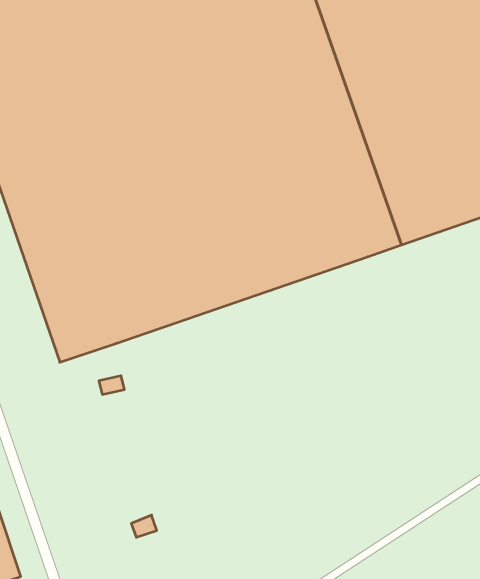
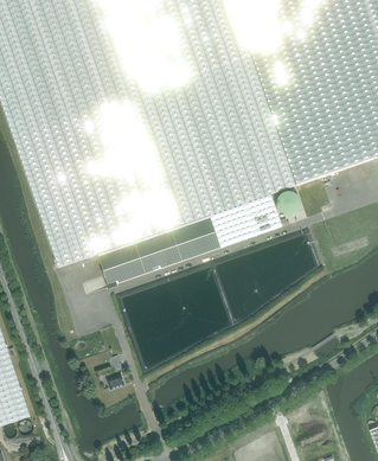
building: none -> [96,194,282,287]

